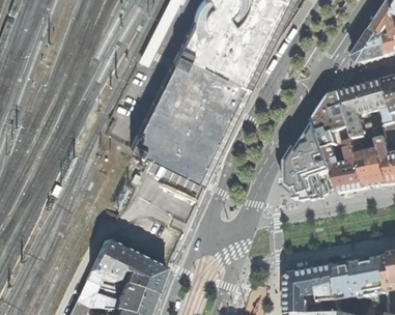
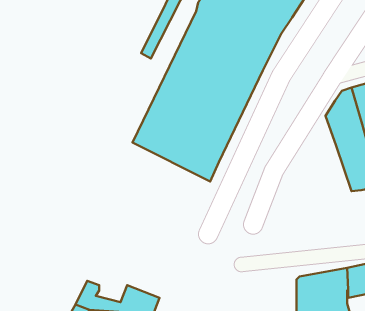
building: [289,118,342,199] -> none
building: [92,238,167,293] -> none

